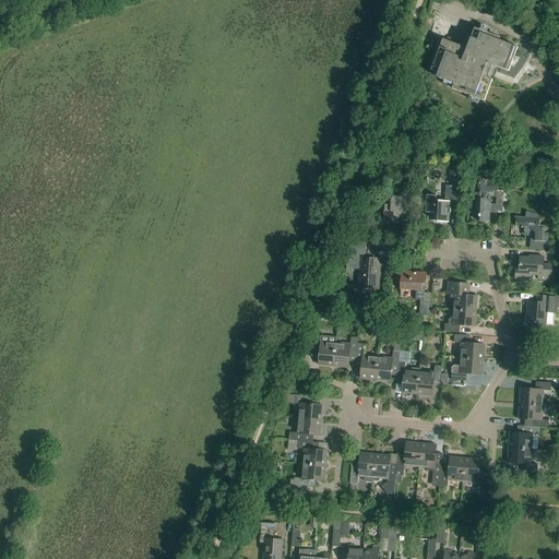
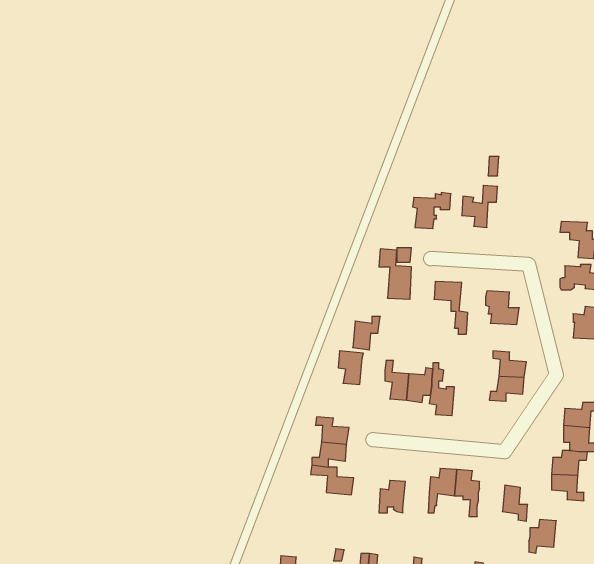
building: [431,25,518,100] -> none
building: [475,178,503,223] -> none
building: [444,310,476,333] -> none
building: [333,337,358,368] -> [353,316,380,350]
building: [417,366,441,396] -> none
building: [372,454,396,495] -> none
building: [440,456,465,487] -> [529,520,556,553]
building: [293,464,325,487] -> none

